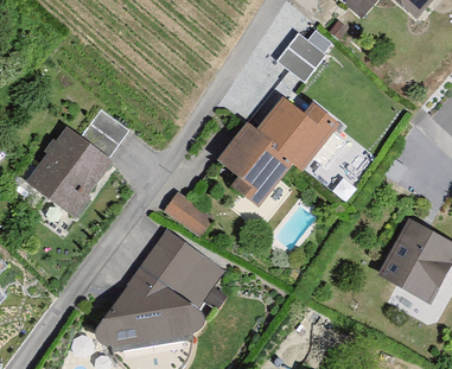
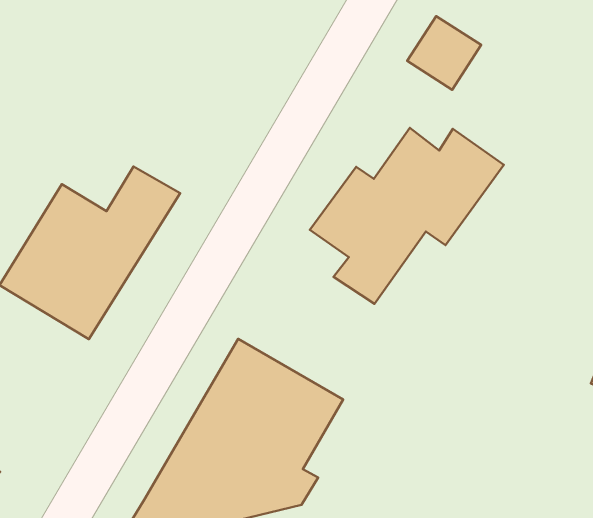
building: [163,191,212,236] -> none

